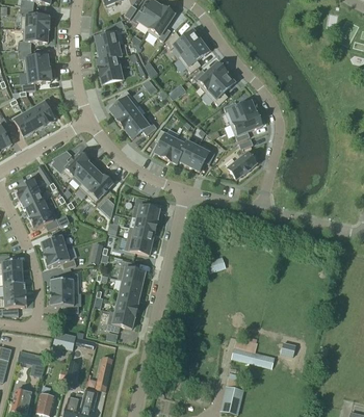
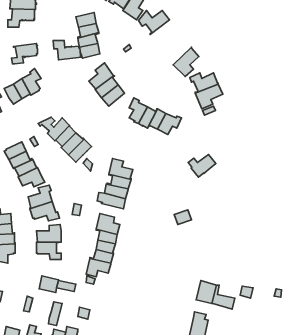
building: [179,41,208,72] -> none
building: [18,49,50,71] -> [53,41,82,60]
building: [192,62,226,92] -> none
building: [225,153,256,179] -> [188,154,216,177]

